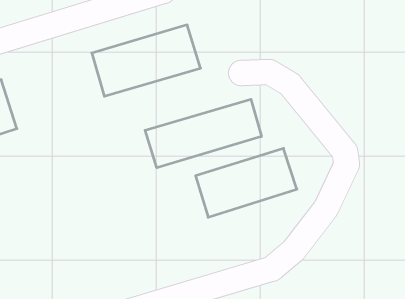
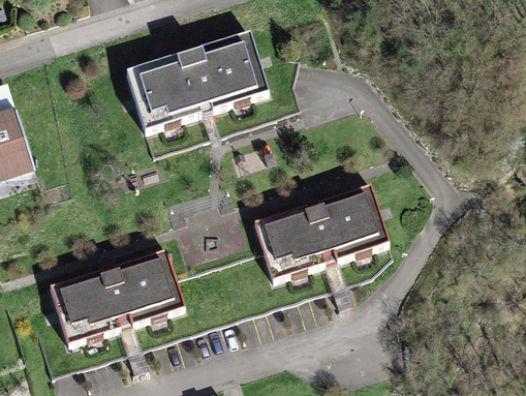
building: [145,99,261,168] -> none
building: none -> [50,252,176,338]

